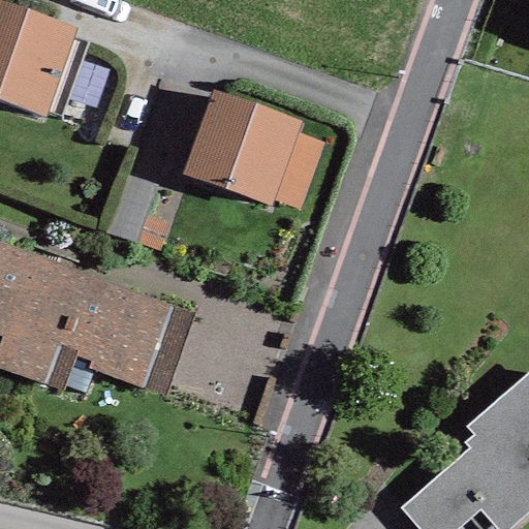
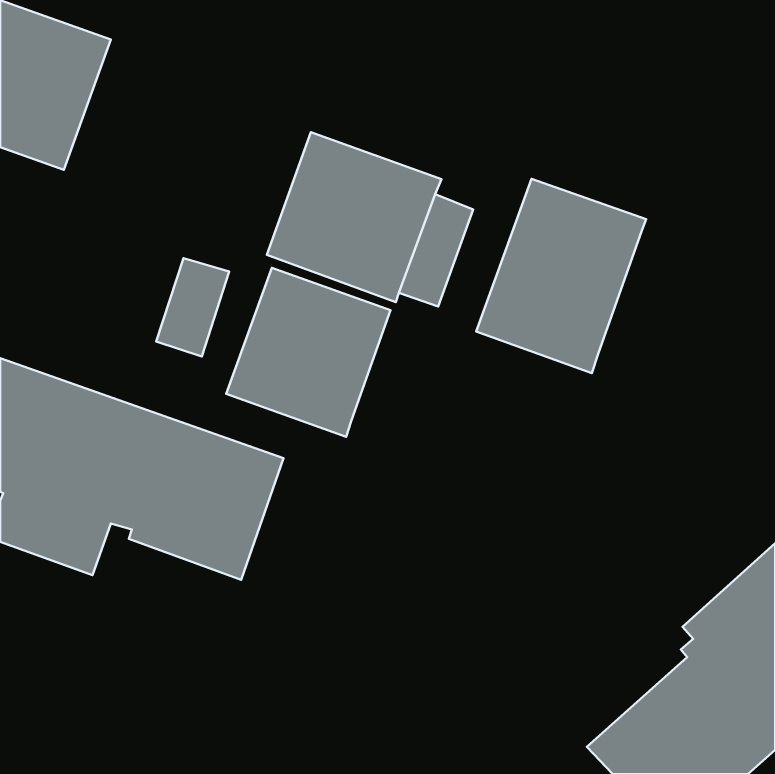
building: none -> [476,179,646,373]
building: none -> [226,268,391,437]

